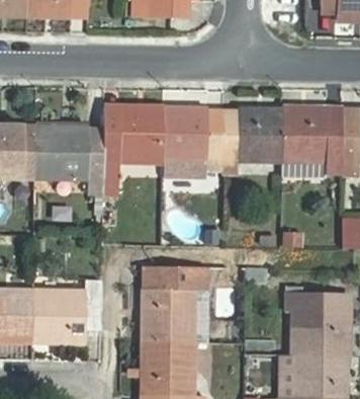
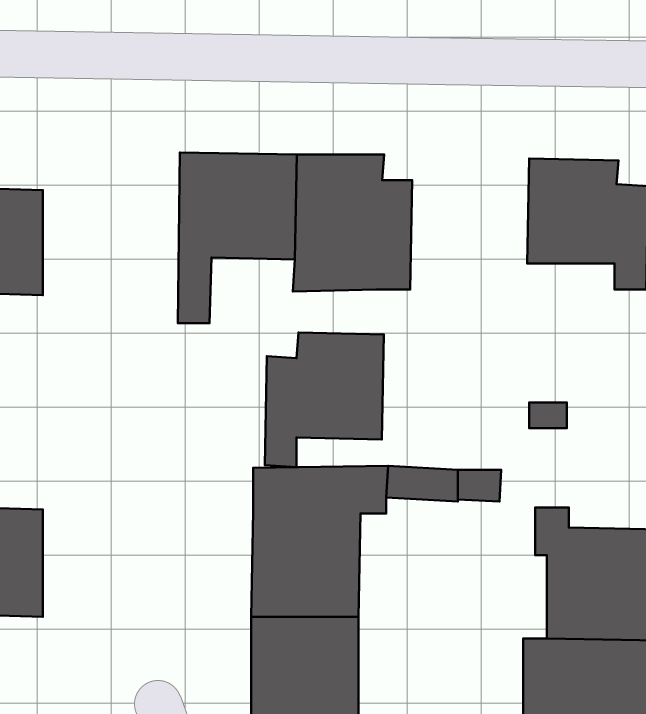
building: [221,107,282,176] -> [265,332,384,467]
building: [34,125,103,194] -> none
building: [34,280,102,342] -> none

